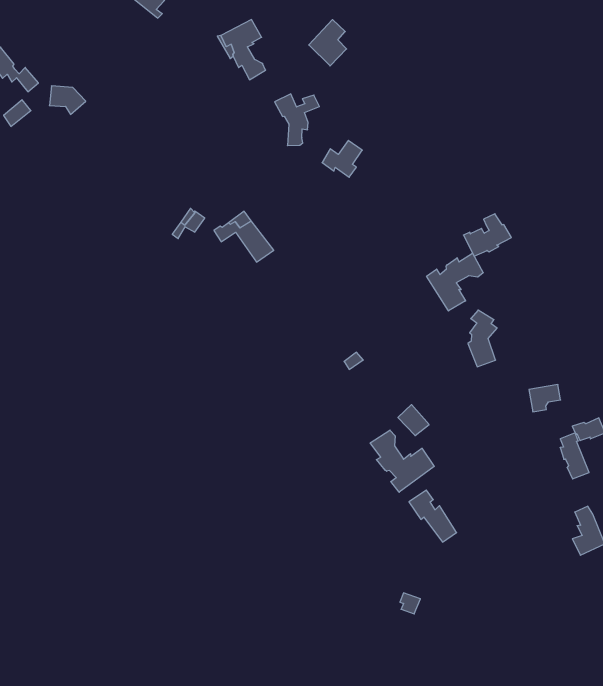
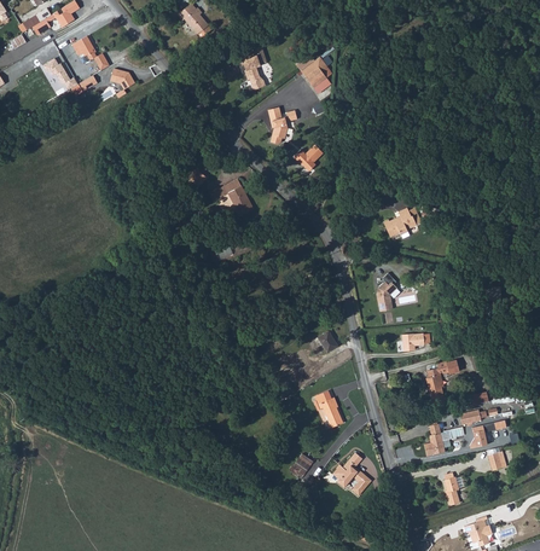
building: [427,253,483,311] -> none
building: [370,430,434,492] -> none
building: none -> [337,453,373,495]

